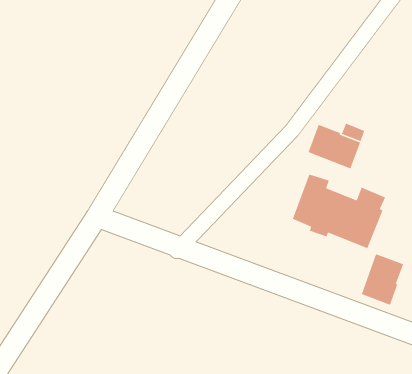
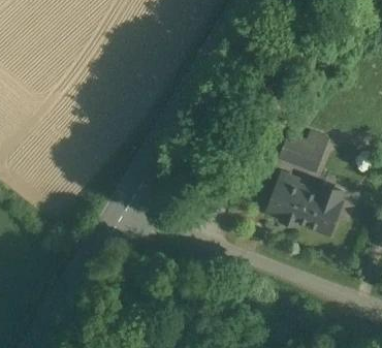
building: [361,253,404,306] -> none

